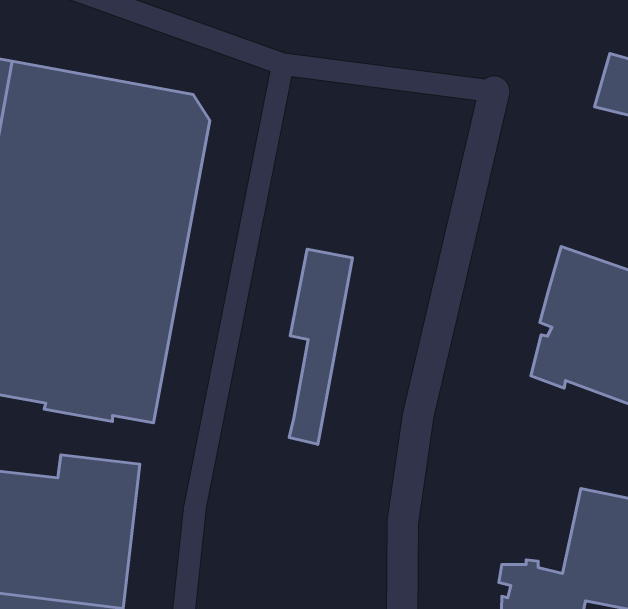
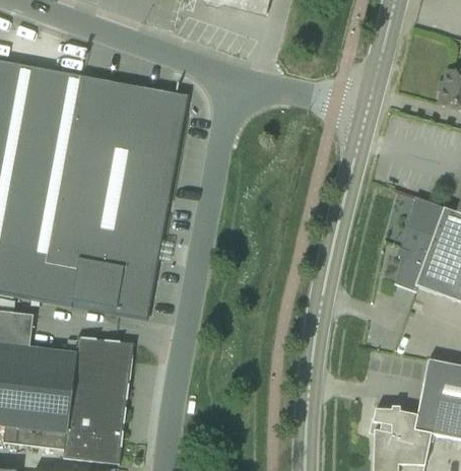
building: [289,249,352,444] -> none

